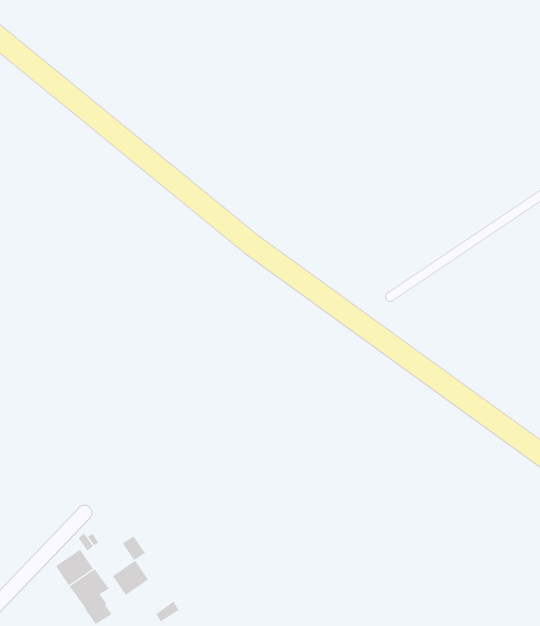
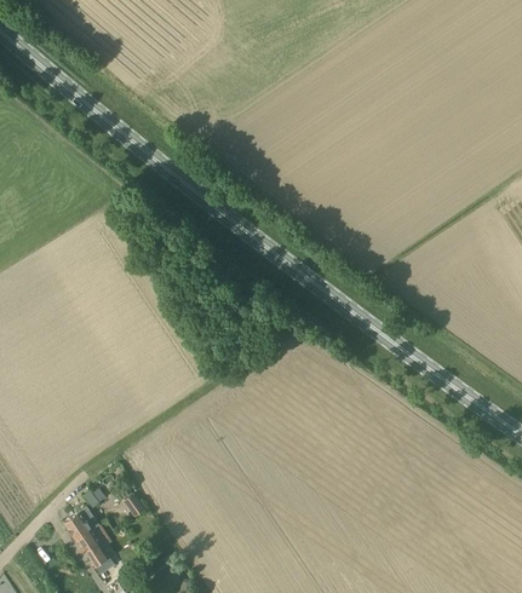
building: [112,560,149,596] -> none

